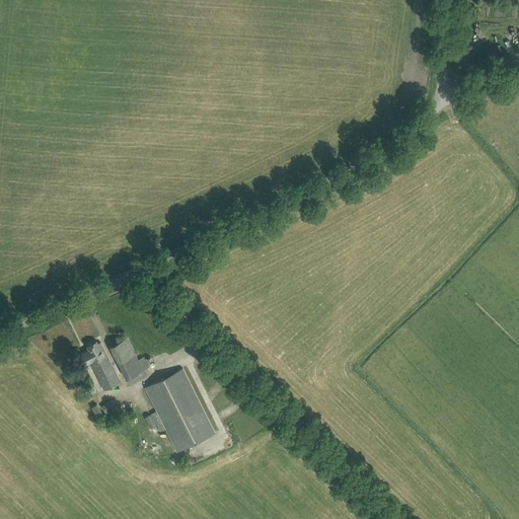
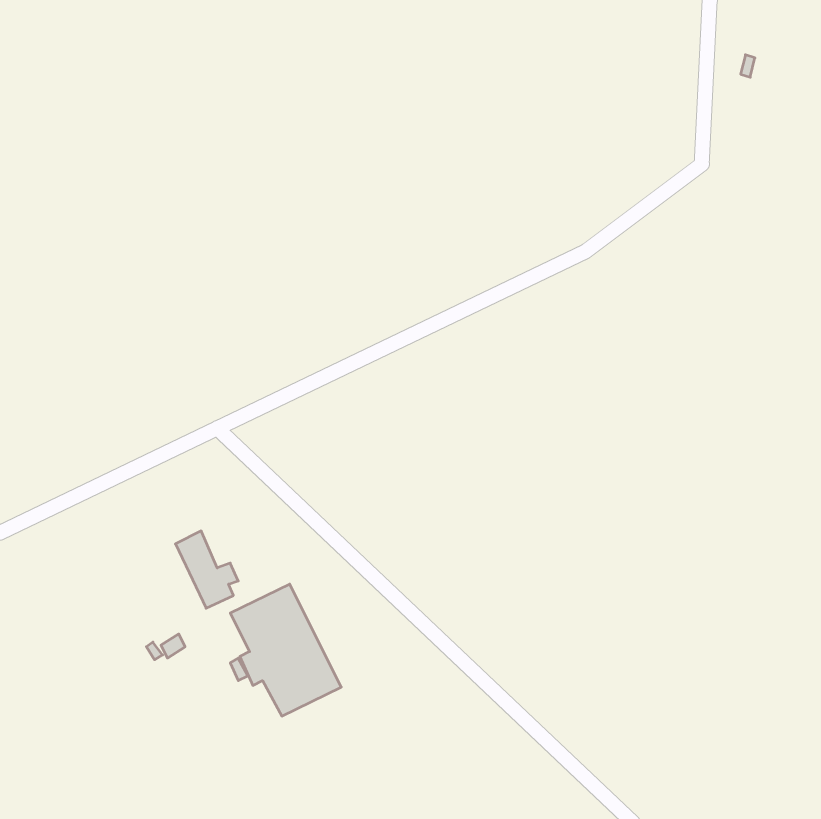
building: [82,343,121,391] -> none

